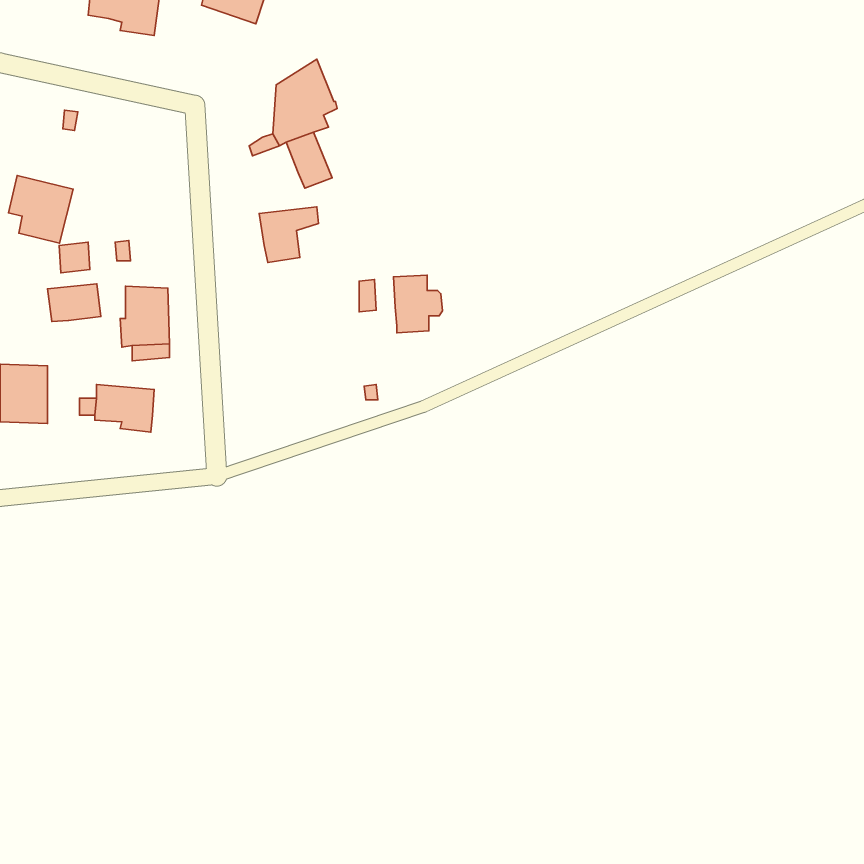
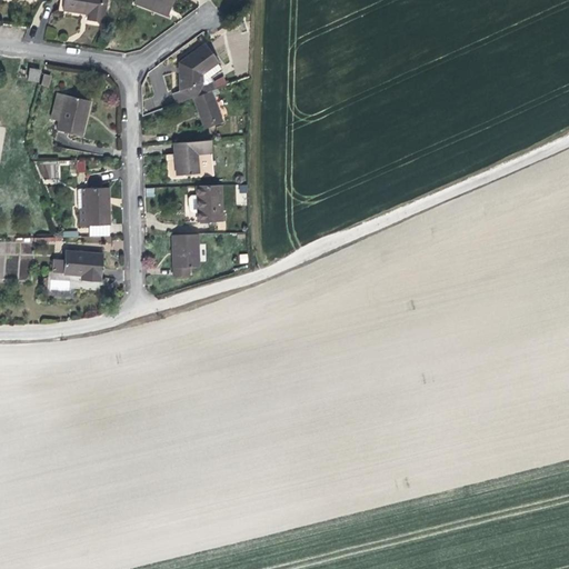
building: [9,176,73,243] -> [51,92,93,137]
building: [393,275,443,333] -> [194,183,227,221]
building: [48,284,101,321] -> none
building: none -> [170,232,199,276]

